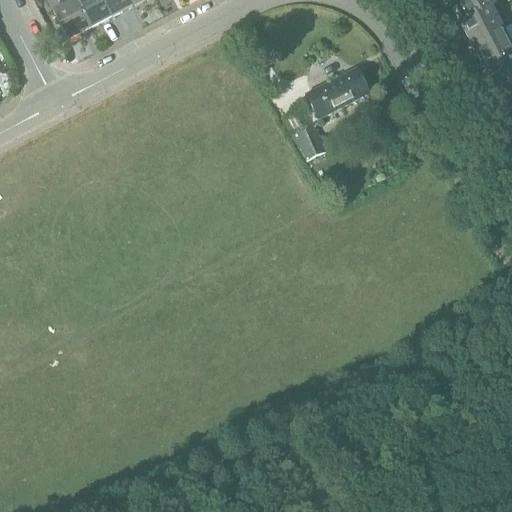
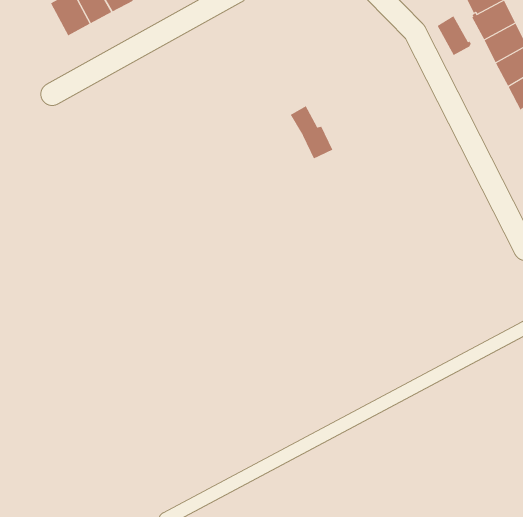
building: none -> [437,14,472,56]
building: [306,65,369,116] -> none

